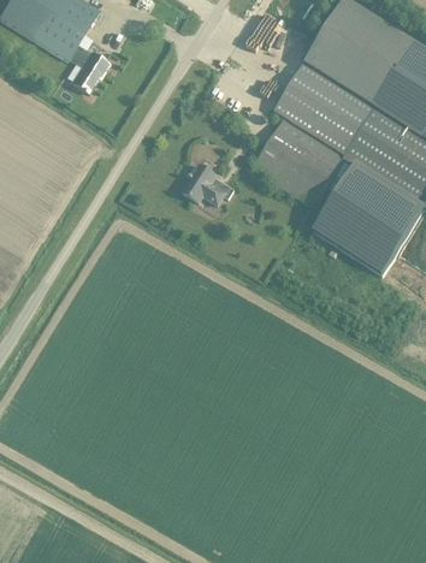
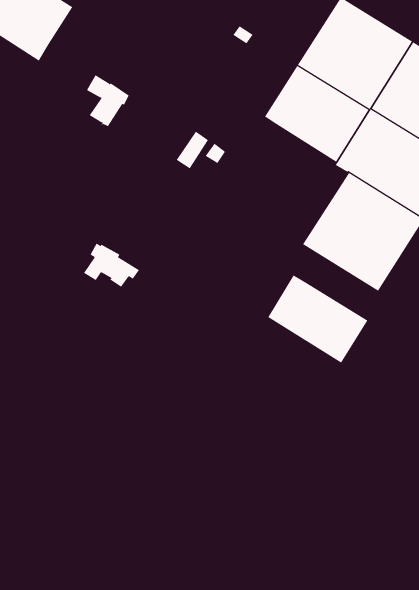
building: [71,43,111,91] -> [86,74,129,127]
building: [254,117,342,203] -> none
building: [177,159,229,200] -> [83,243,140,287]
building: none -> [268,275,368,364]

